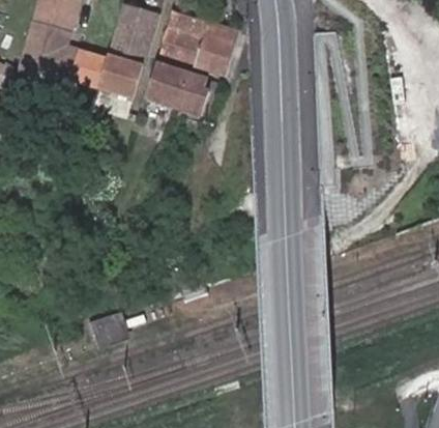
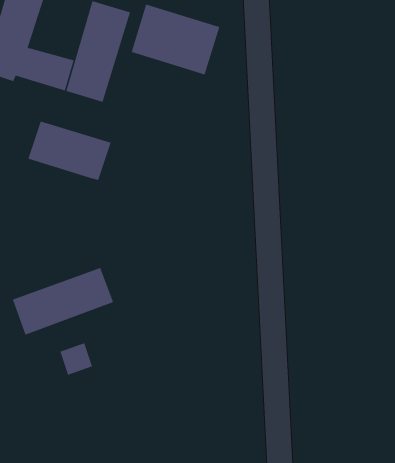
building: [144,62,220,116] -> [28,121,111,180]
building: none -> [12,267,114,336]

